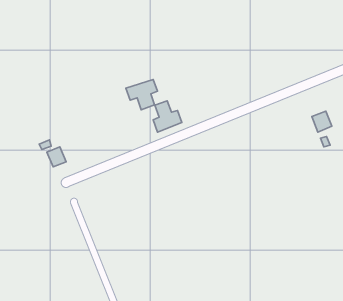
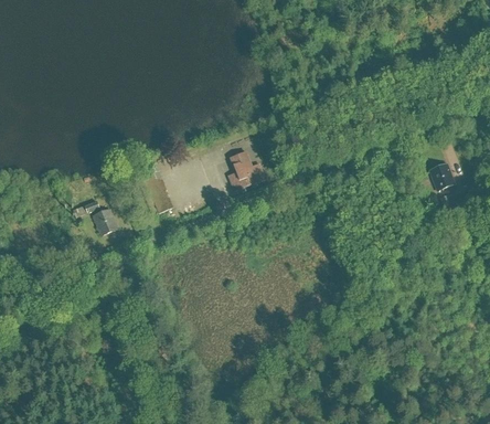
building: [126,79,157,110] -> none

